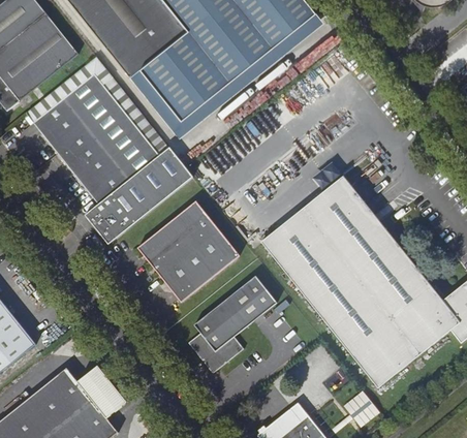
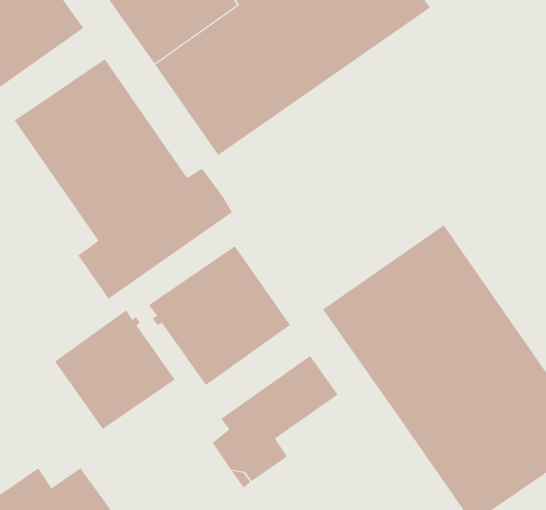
building: none -> [54,309,175,430]

